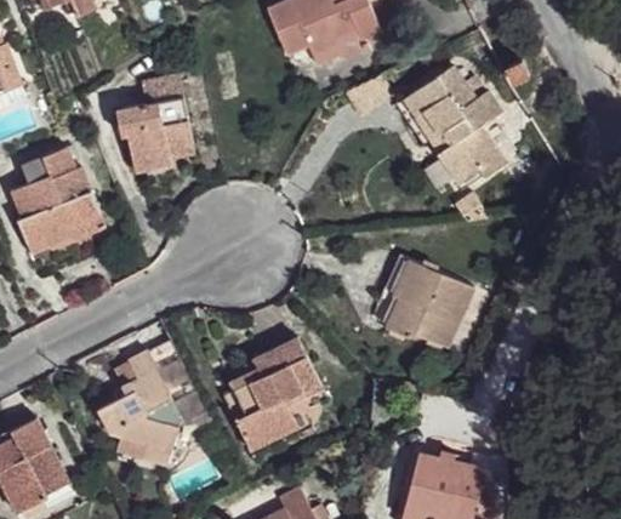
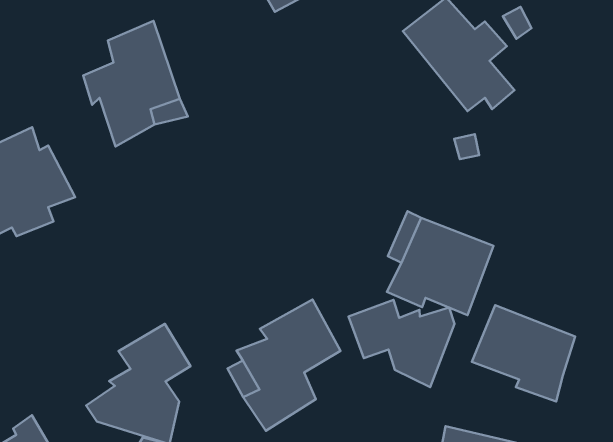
building: [394,92,485,192] -> none
building: none -> [348,300,455,387]
building: none -> [472,305,575,402]

